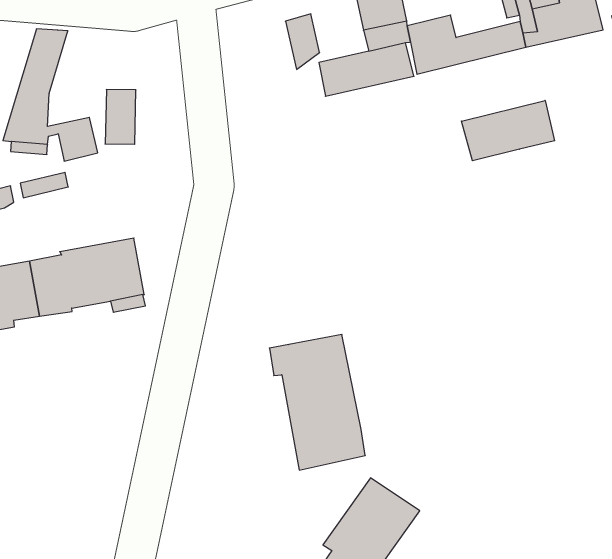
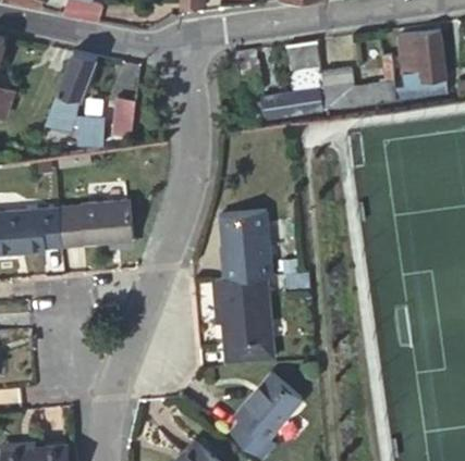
building: [461,100,555,161] -> none
building: none -> [218,209,270,278]

